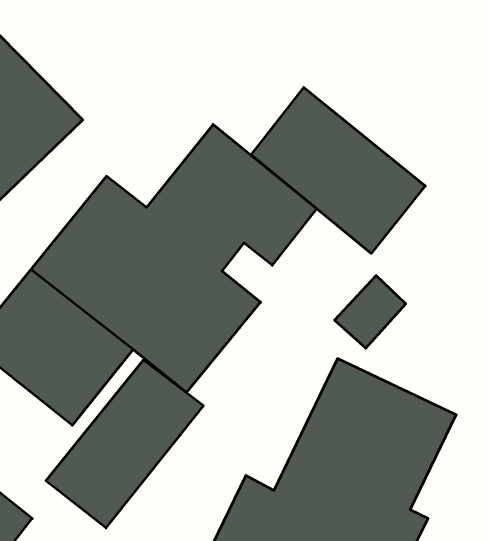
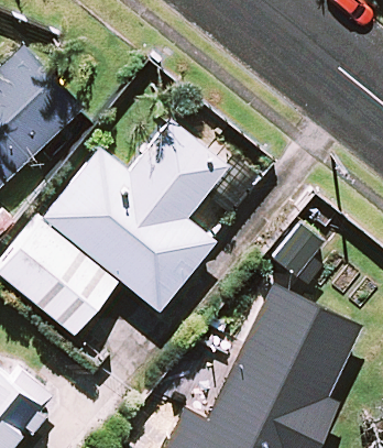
building: [251,87,425,253] -> none
building: [46,360,203,528] -> none

